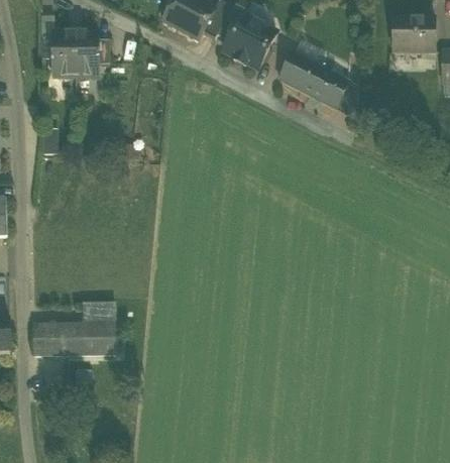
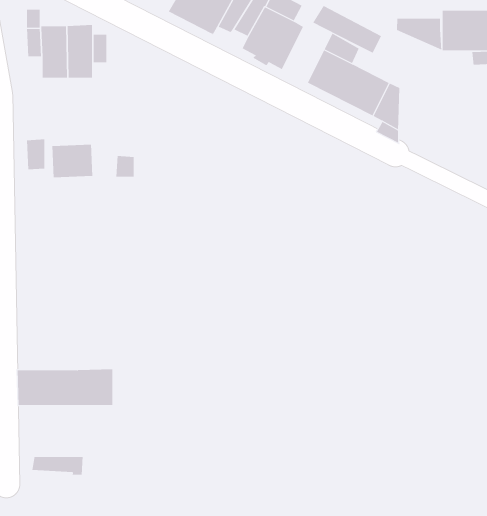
building: none -> [313,5,382,54]
building: none -> [396,18,442,51]
building: none -> [52,144,93,178]
building: [85,303,115,323] -> none
building: none -> [32,456,83,476]

